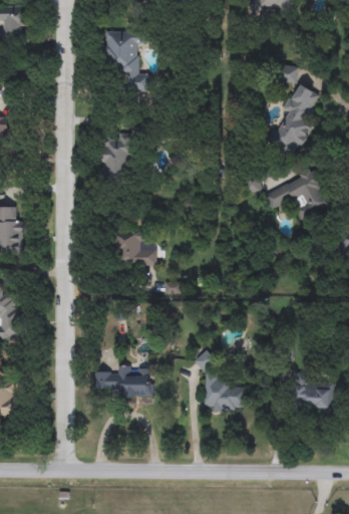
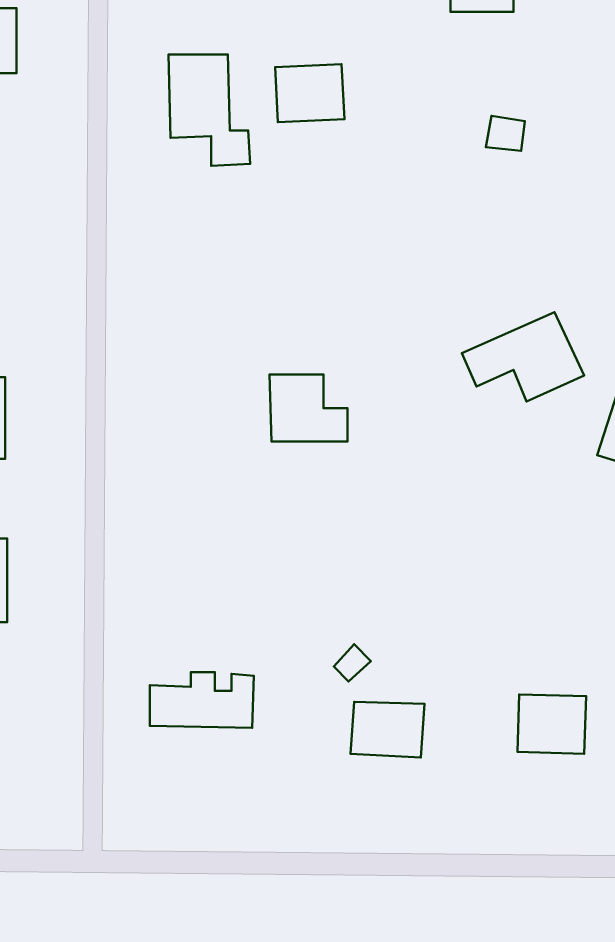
building: none -> [275,64,344,122]
building: [268,81,320,157] -> none
building: [103,135,130,178] -> none
building: [114,229,156,265] -> [270,375,348,441]

